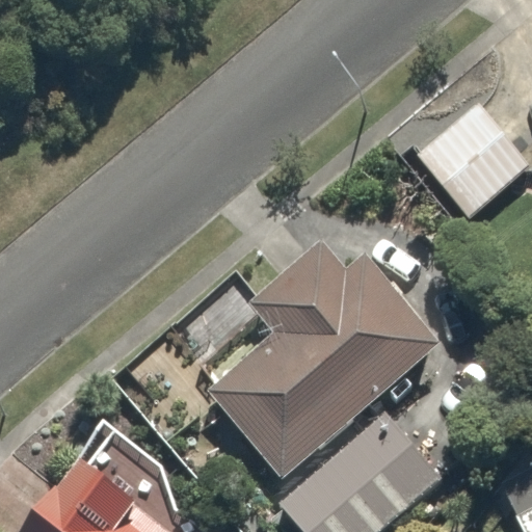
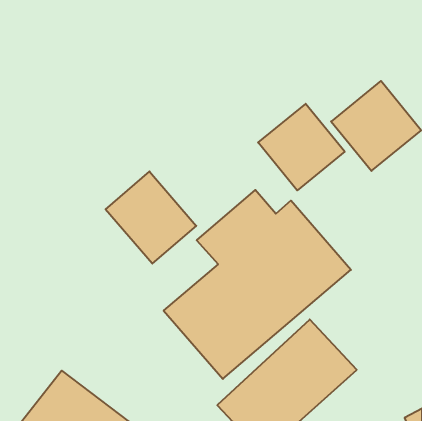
building: none -> [258,104,345,190]
building: none -> [106,171,196,264]

